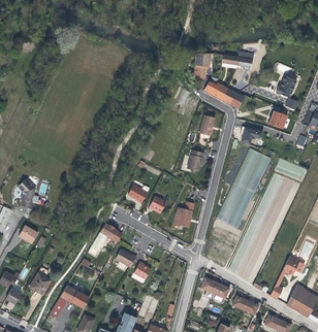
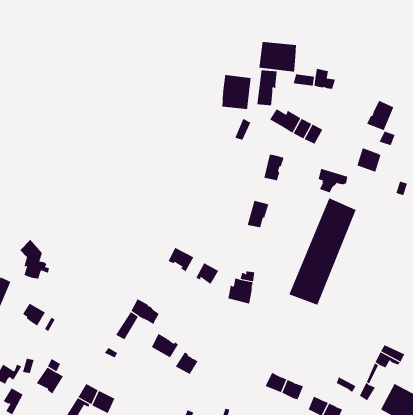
building: none -> [259,41,296,73]
building: none -> [222,74,251,110]

